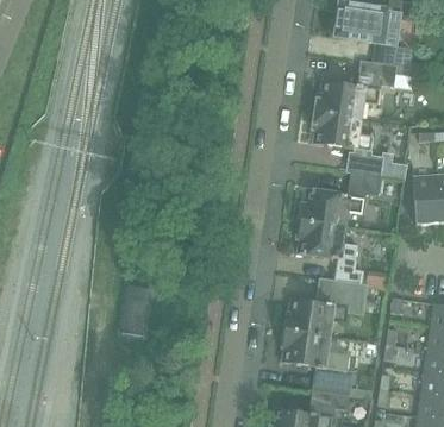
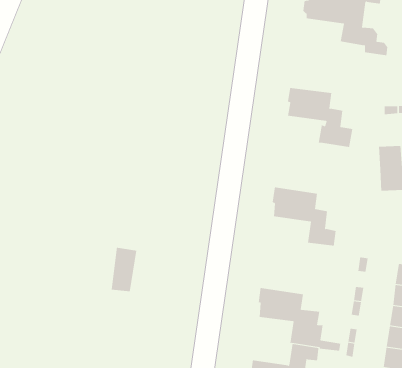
building: [315,59,396,117] -> none
building: [299,171,381,226] -> none
building: [283,277,367,335] -> none

